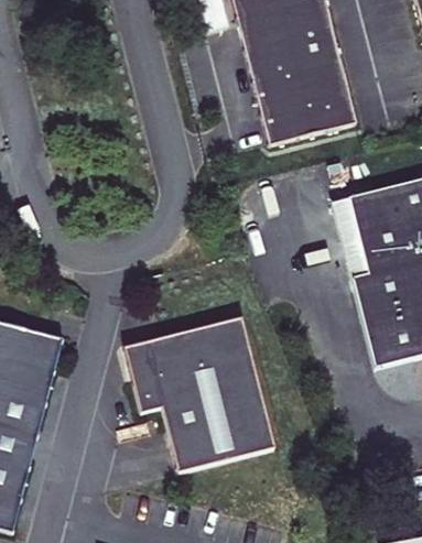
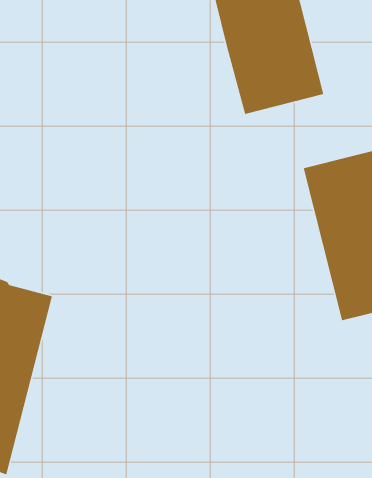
building: [127,316,274,471] -> none

